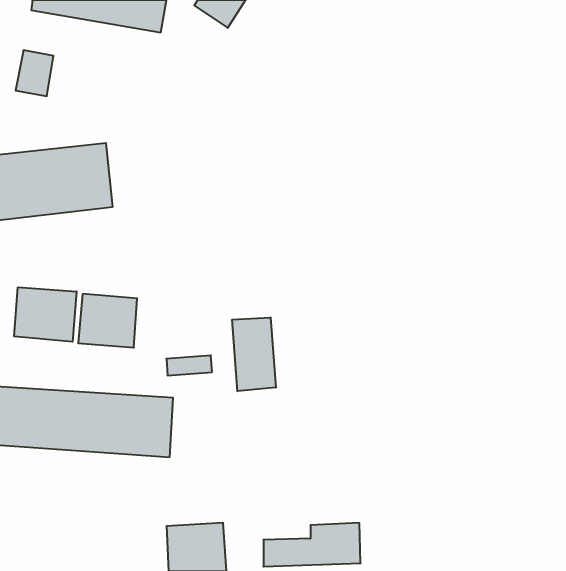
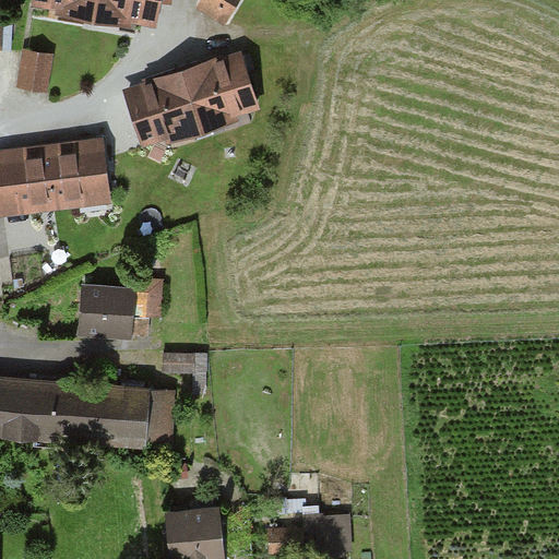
building: none -> [122,52,259,146]
building: [14,287,77,342] -> none
building: [232,317,276,391] -> none

